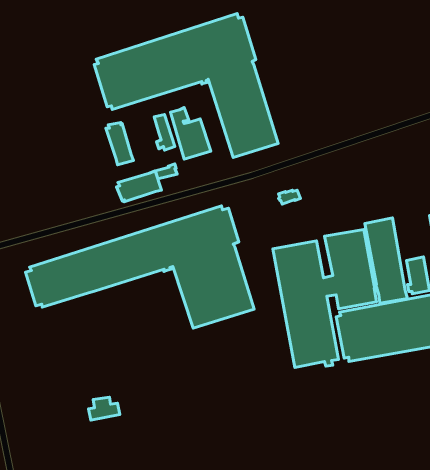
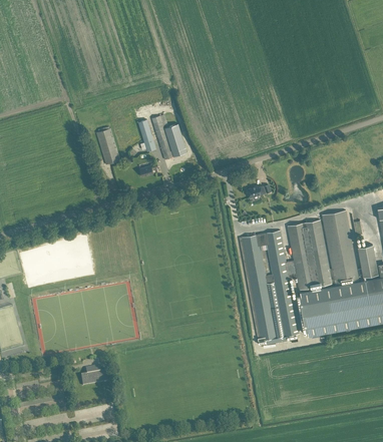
building: [94,14,278,157] -> none
building: [116,171,162,202] -> none
building: [26,206,254,328] -> none

